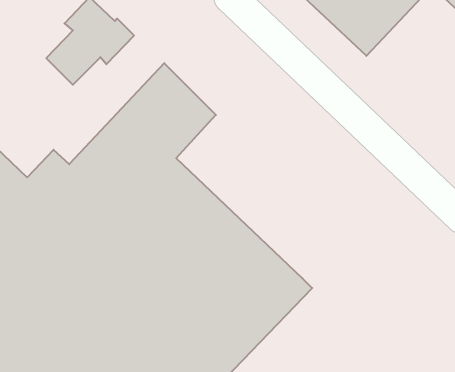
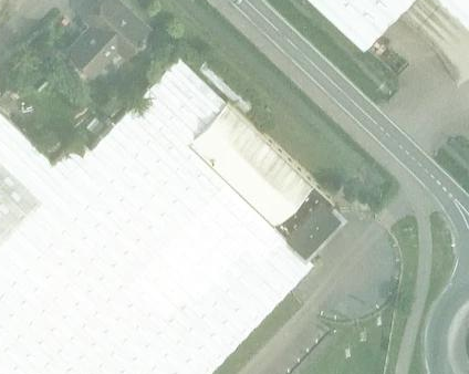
building: none -> [187,105,338,258]

